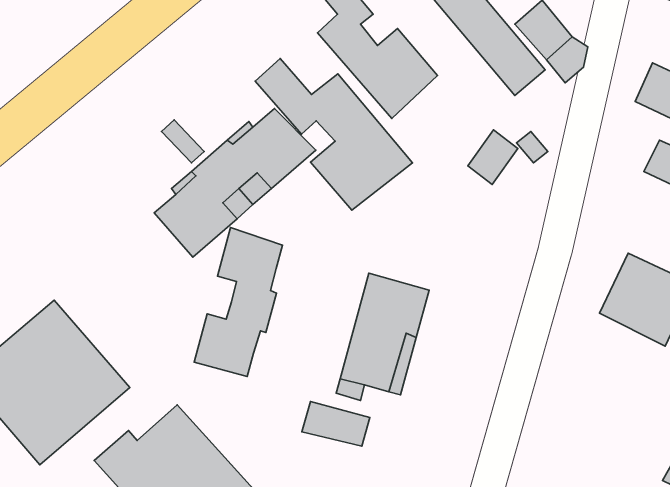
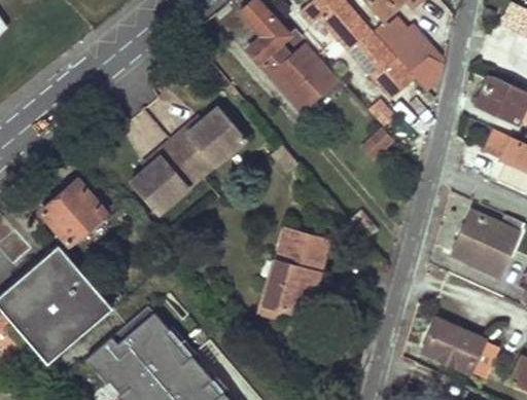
building: [255,59,412,210] -> none
building: none -> [42,180,105,244]
building: [194,227,283,377] -> none
building: [302,401,370,446] -> none
building: none -> [422,319,482,373]

